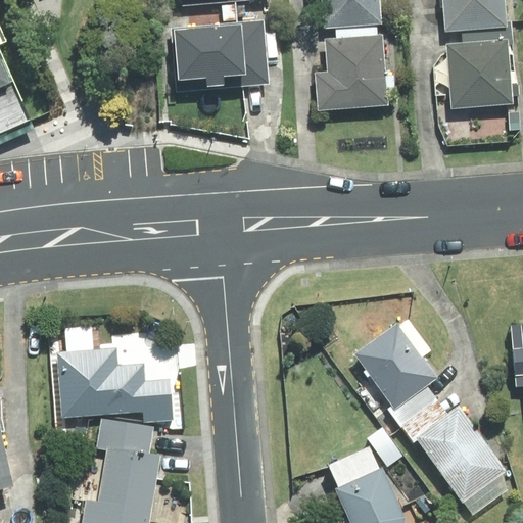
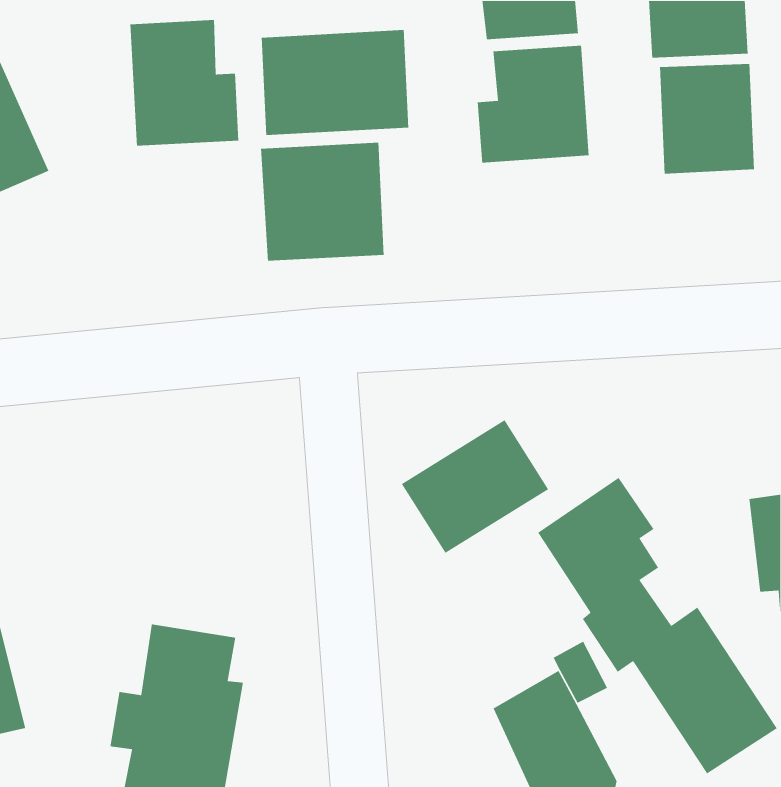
building: none -> [129,19,239,147]
building: none -> [260,142,385,262]
building: none -> [401,419,549,554]
building: [56,333,174,419] -> none

